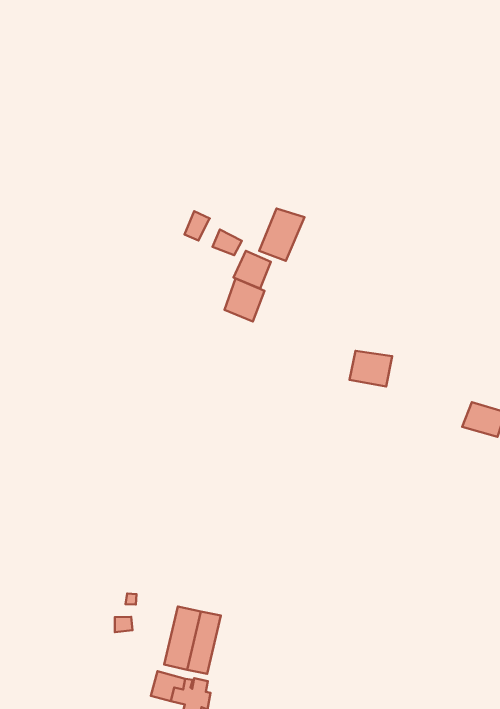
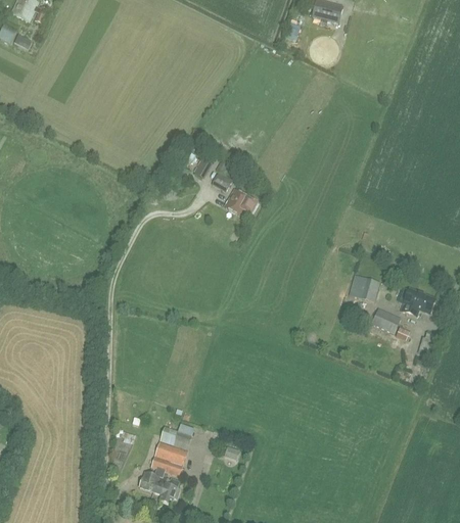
building: [259,209,304,261] -> none
building: [225,278,265,321] -> none
building: [350,351,392,387] -> [349,274,379,300]

